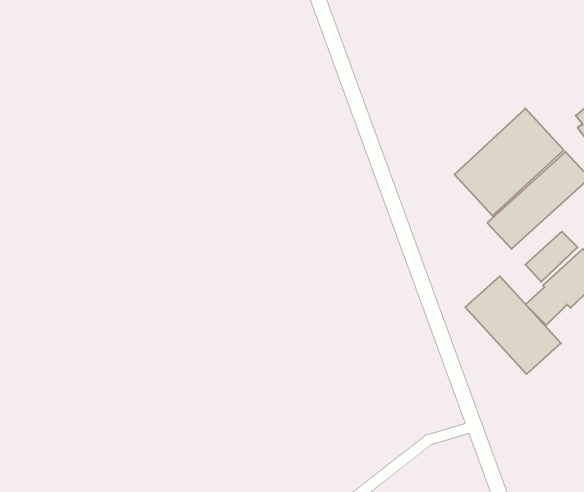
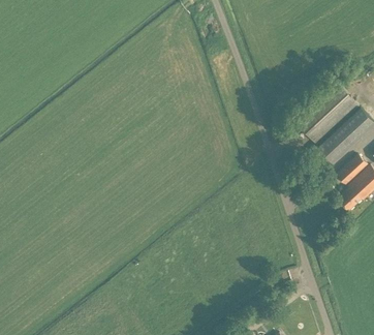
building: [465,276,561,374] -> none

